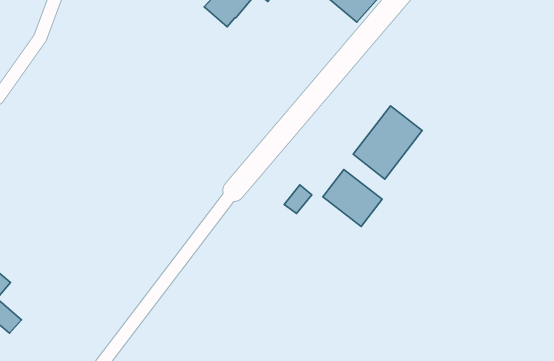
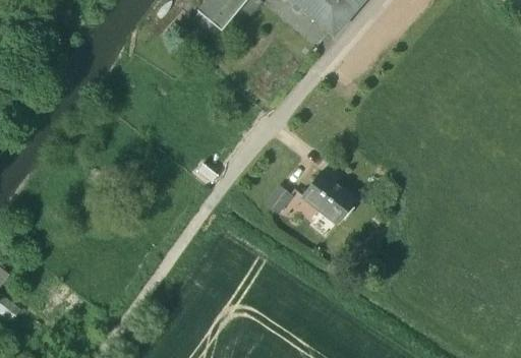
building: [353,106,422,179] -> none

